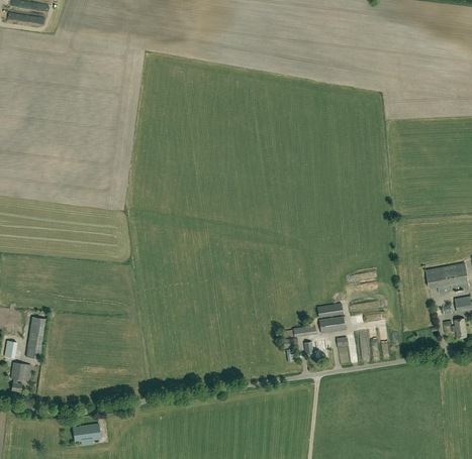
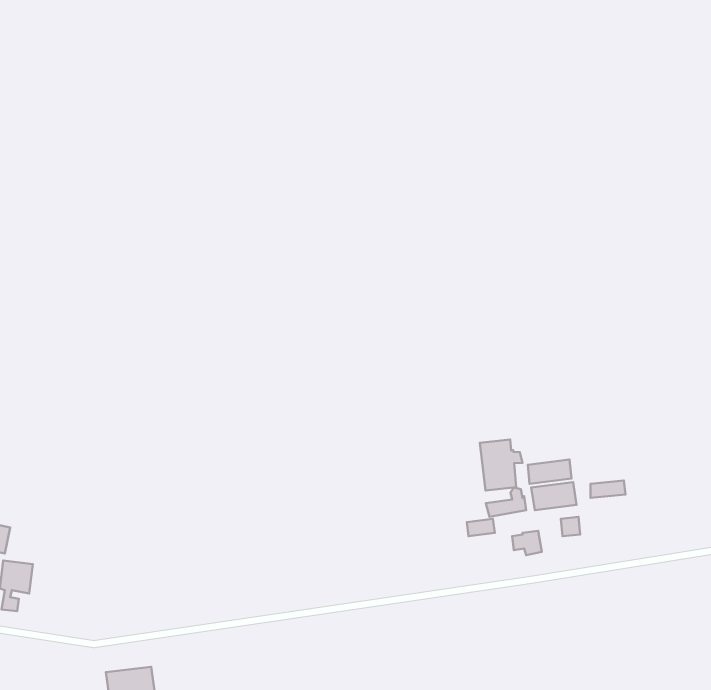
building: none -> [480,439,523,490]
building: [25,317,45,359] -> none

